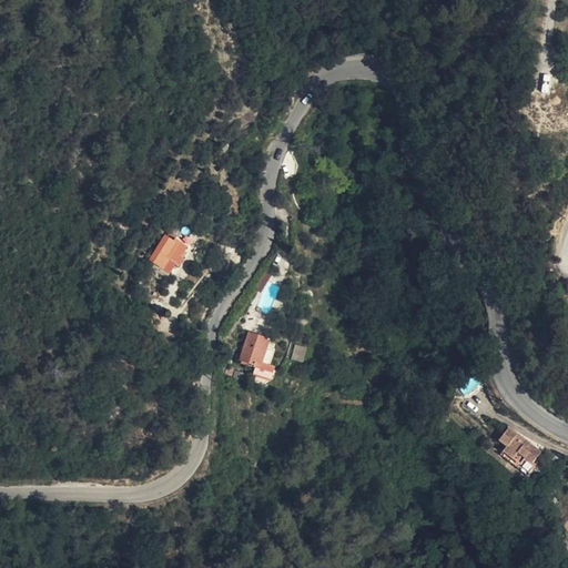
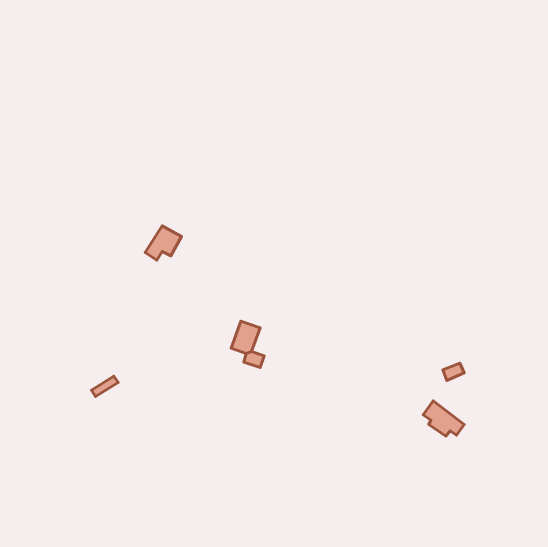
building: [497,427,539,464] -> [423,401,464,436]

